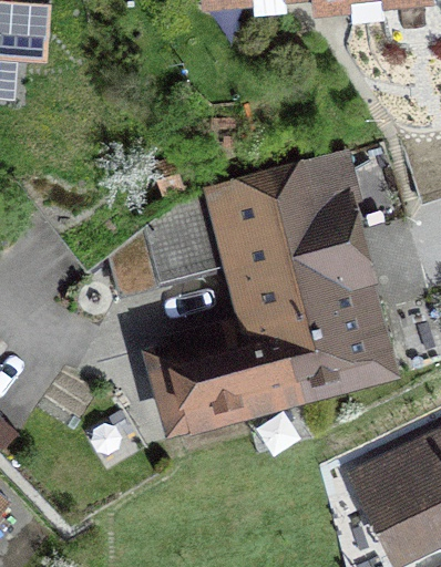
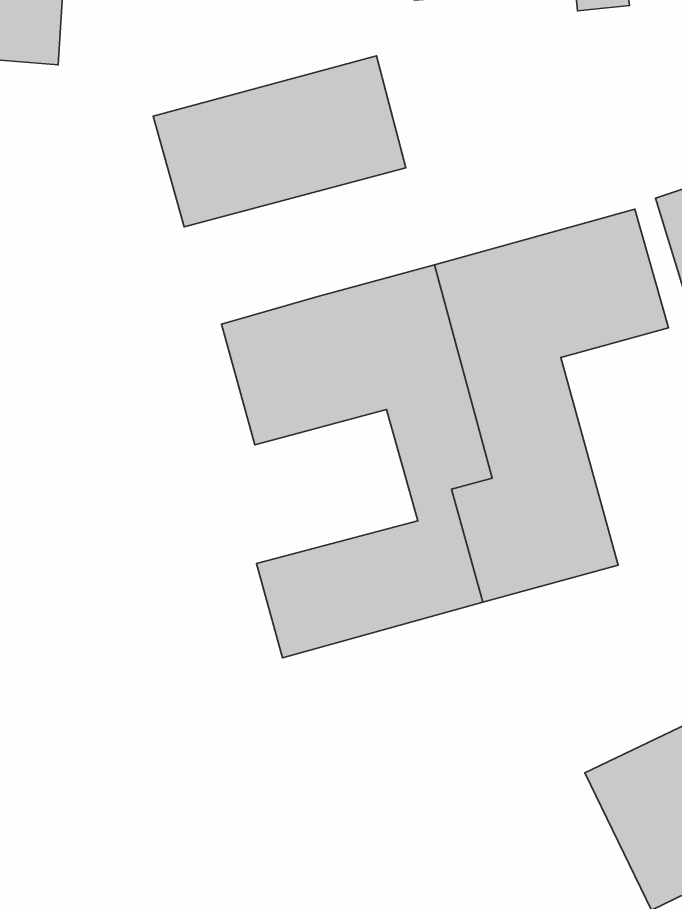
building: none -> [153,56,406,227]

